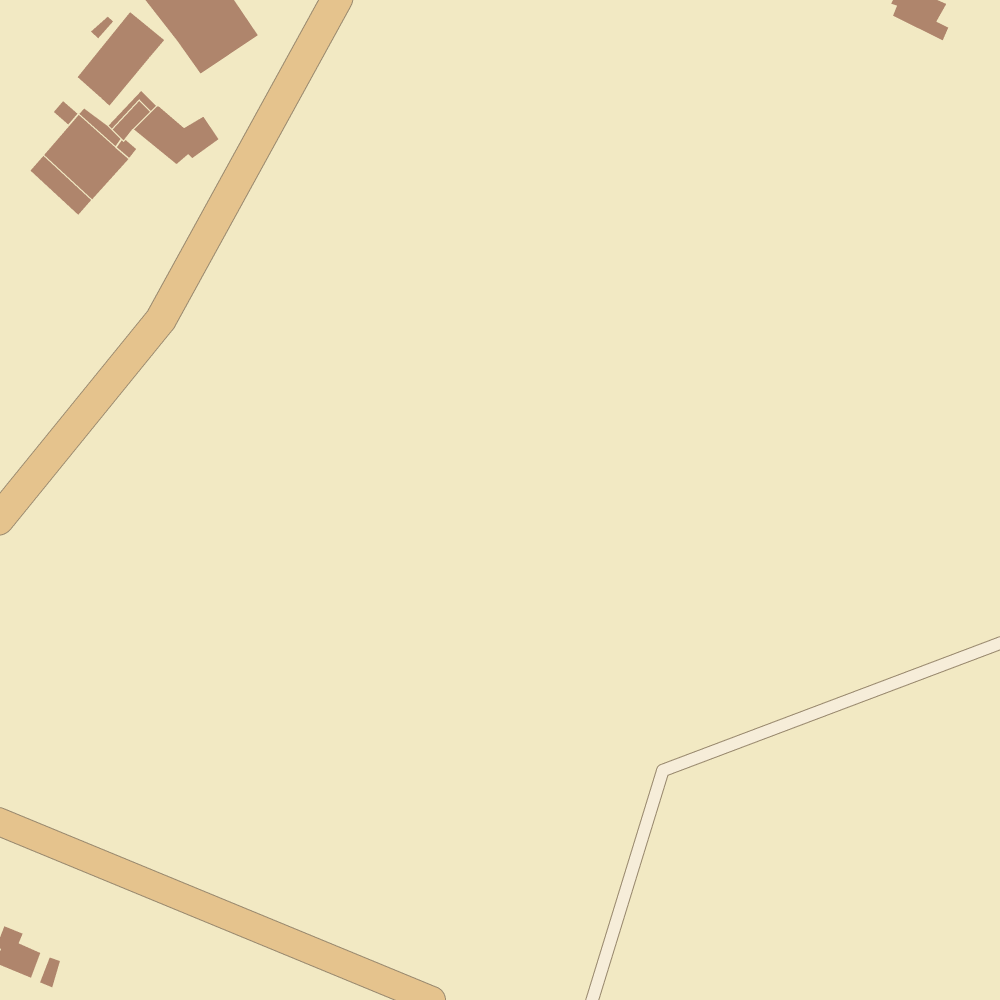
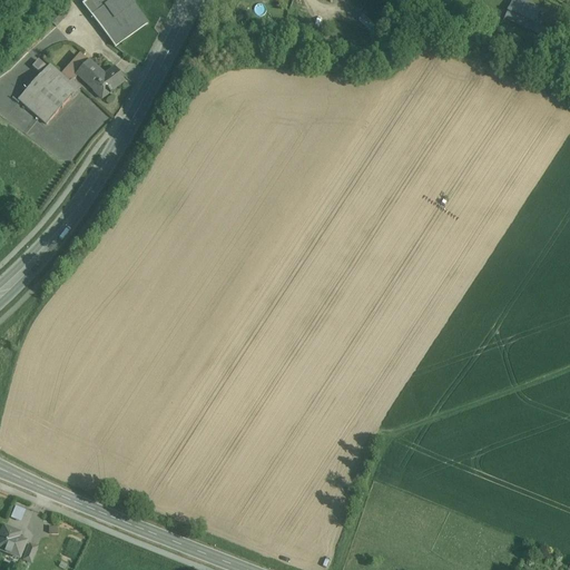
building: [77,11,165,107] -> none

